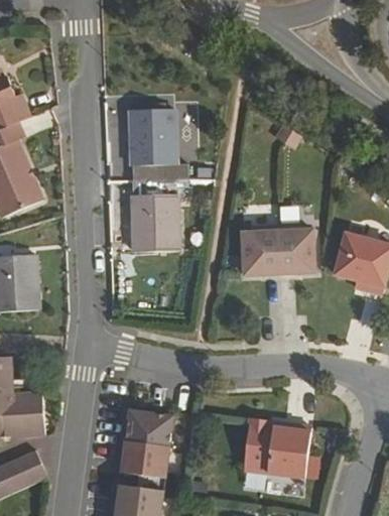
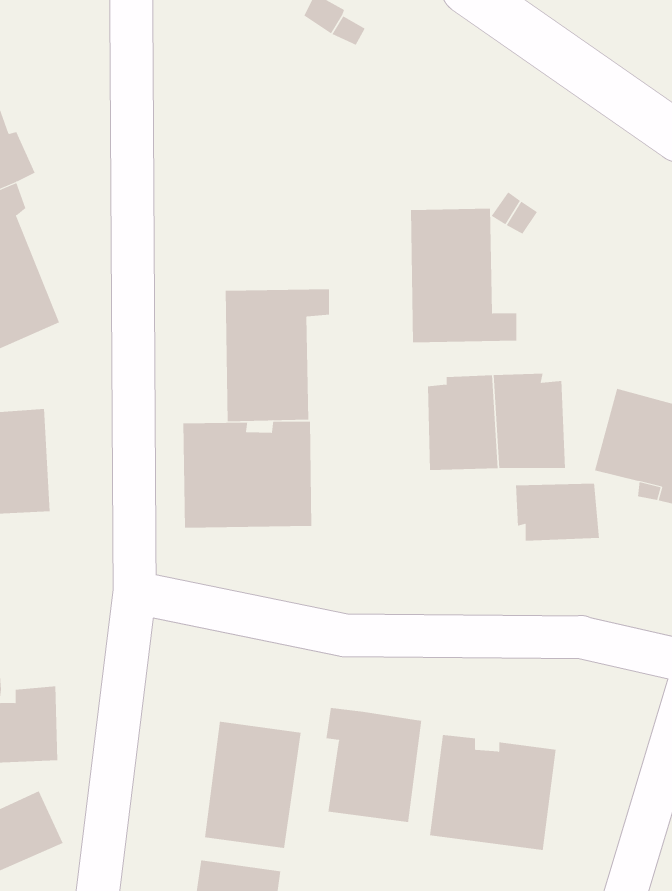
building: [131,108,188,180] -> [410,208,517,343]
building: none -> [183,421,312,528]
building: none -> [515,483,599,542]
building: none -> [326,707,422,823]

